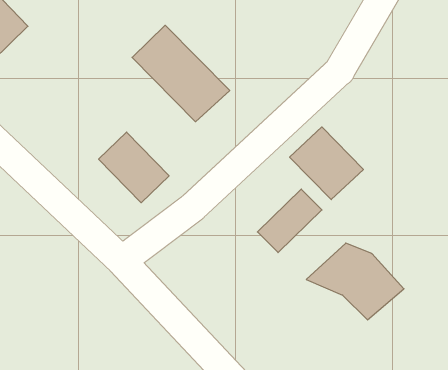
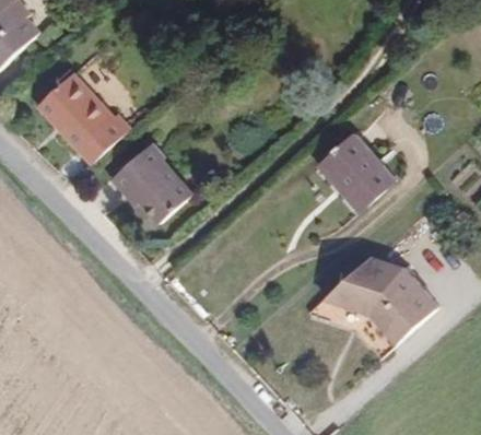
building: [132,25,230,122] -> [31,58,133,160]
building: [257,189,322,253] -> none

